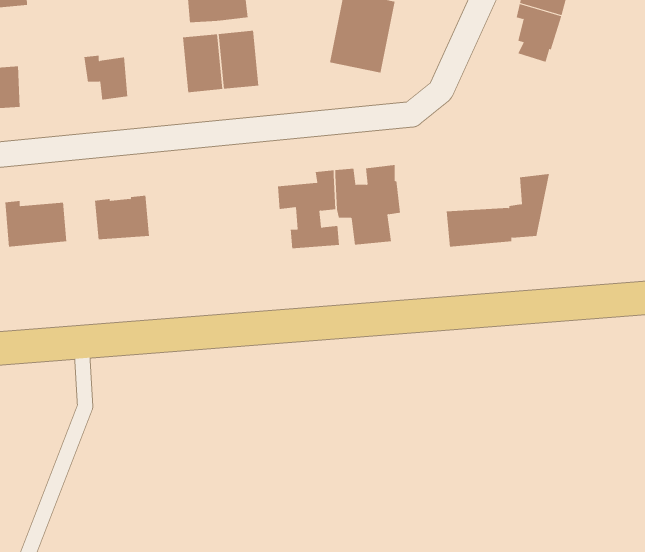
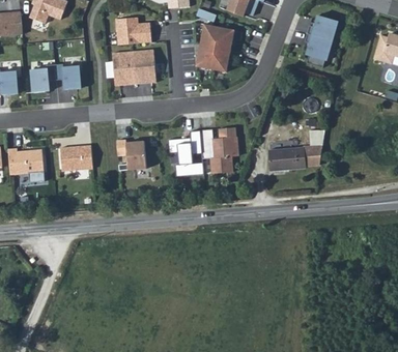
building: none -> [32,64,57,91]
building: none -> [118,140,147,170]

